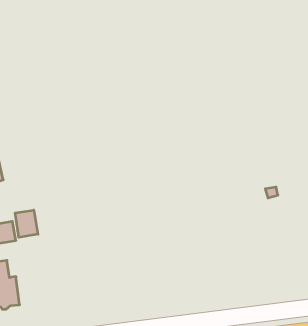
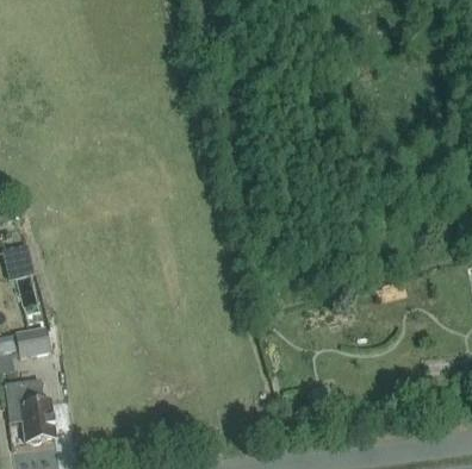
building: [15,210,38,237] -> none

